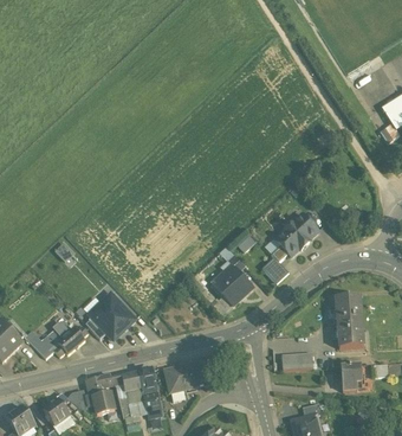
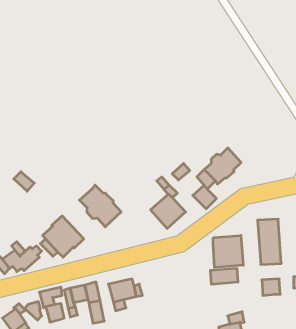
building: none -> [79,185,121,227]
building: none -> [213,235,243,267]

